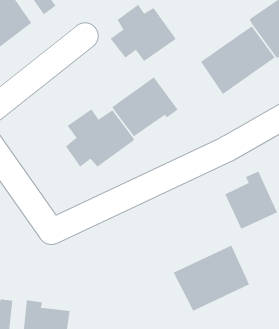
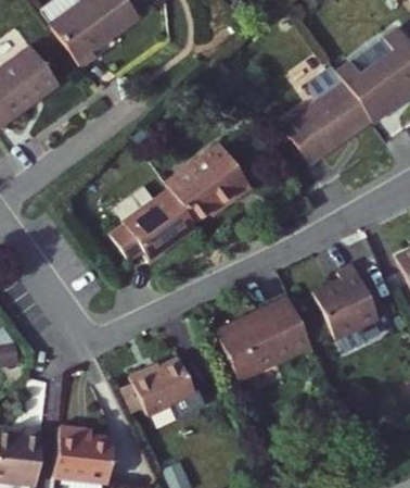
building: [110,4,176,62] -> none
building: none -> [128,356,193,414]
building: [173,245,250,311] -> [214,295,310,378]

